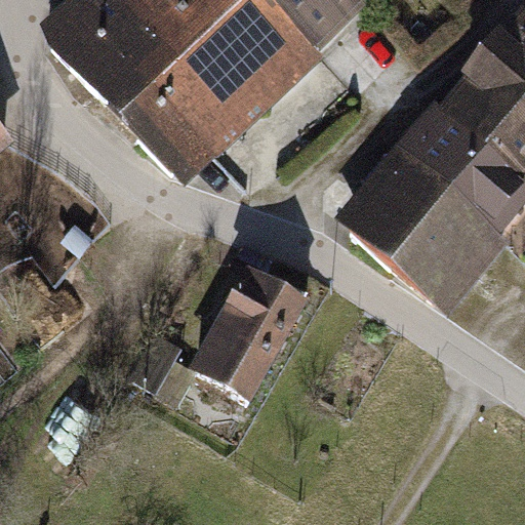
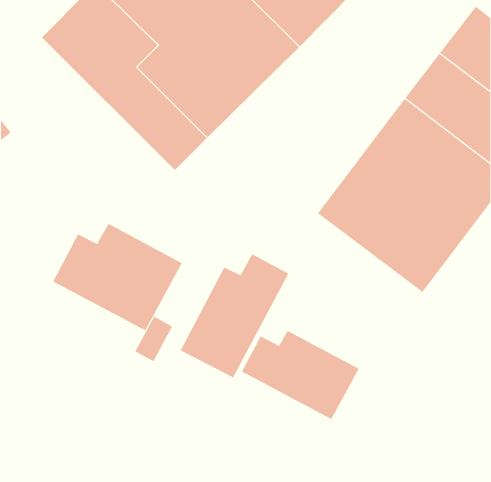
building: none -> [52,223,182,331]
building: none -> [241,330,359,420]

